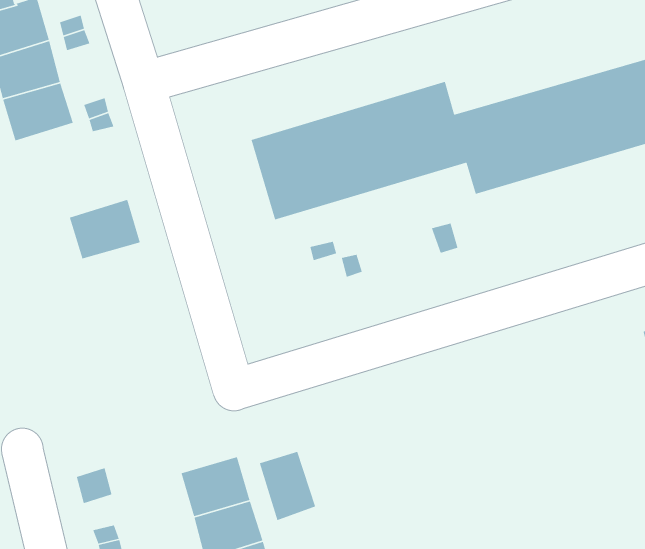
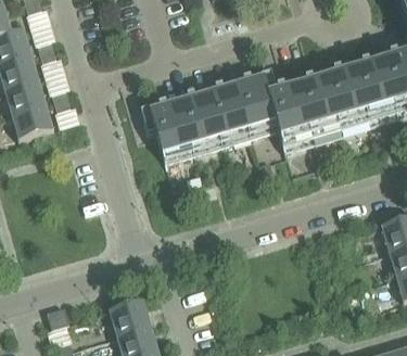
building: [69,199,141,260] -> [10,102,52,138]
building: [259,451,316,521] -> none

